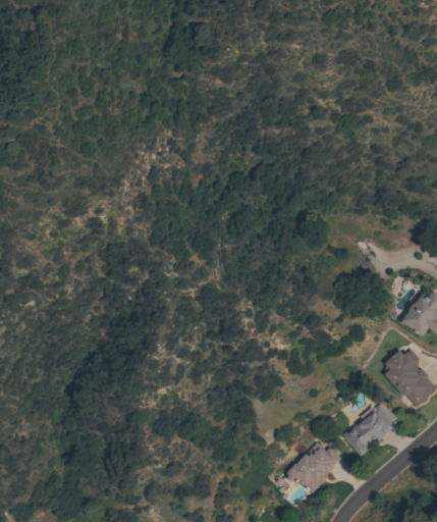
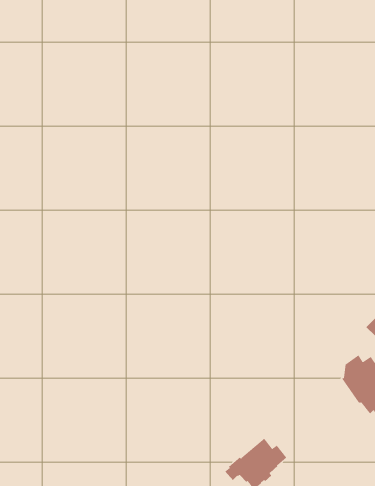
building: [343,403,395,455] -> none

